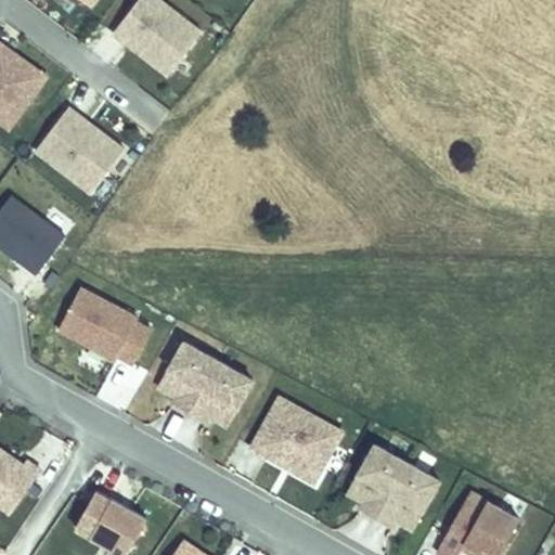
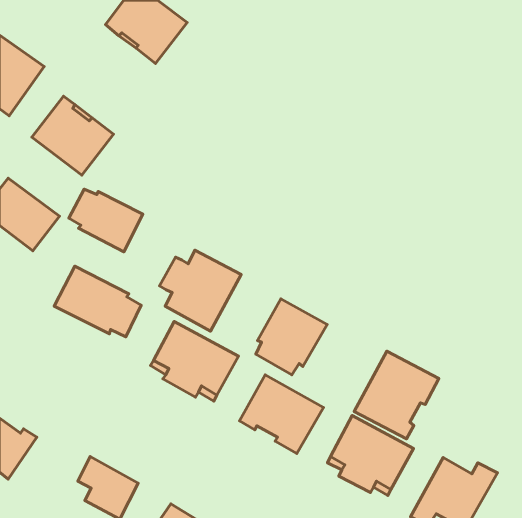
building: none -> [69,189,143,252]
building: none -> [159,250,241,331]
building: none -> [256,299,327,375]
building: none -> [354,351,439,439]

